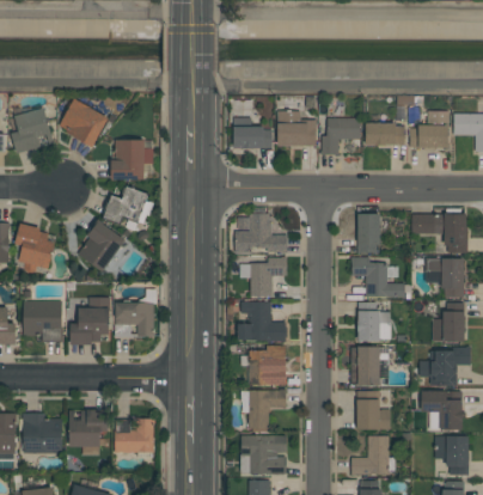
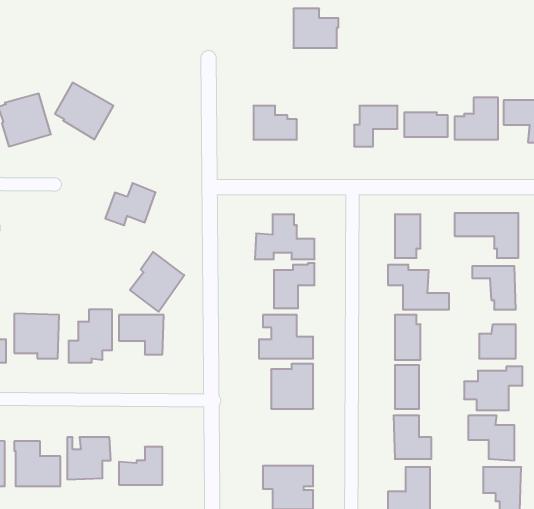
building: [277,111,317,146] -> [293,9,338,48]
building: [111,140,143,179] -> none
building: [78,220,126,273] -> [130,252,184,312]
building: [16,224,55,274] -> none
building: [249,390,285,429] -> none

